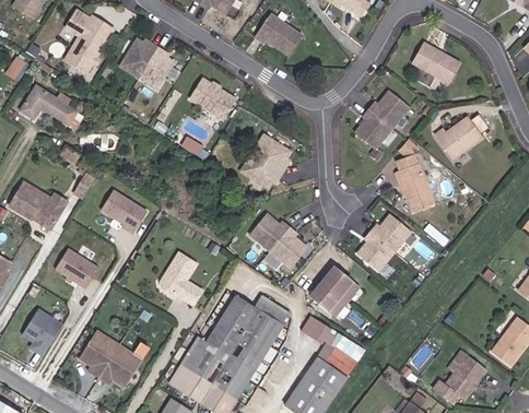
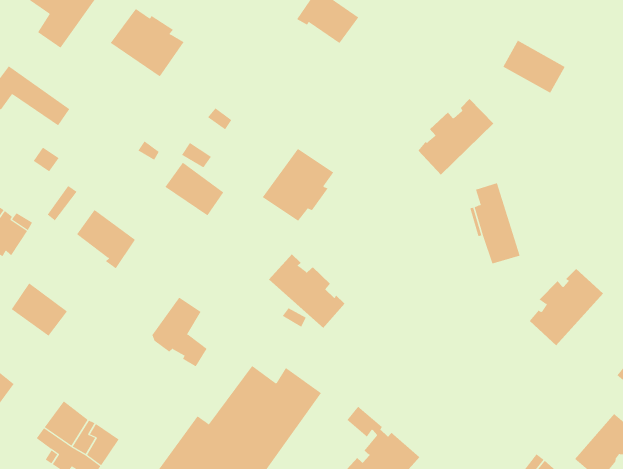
building: [188,78,233,117] -> [164,162,224,216]
building: [434,114,482,157] -> none
building: [356,212,411,271] -> [529,268,604,346]
building: [313,266,358,312] -> none

